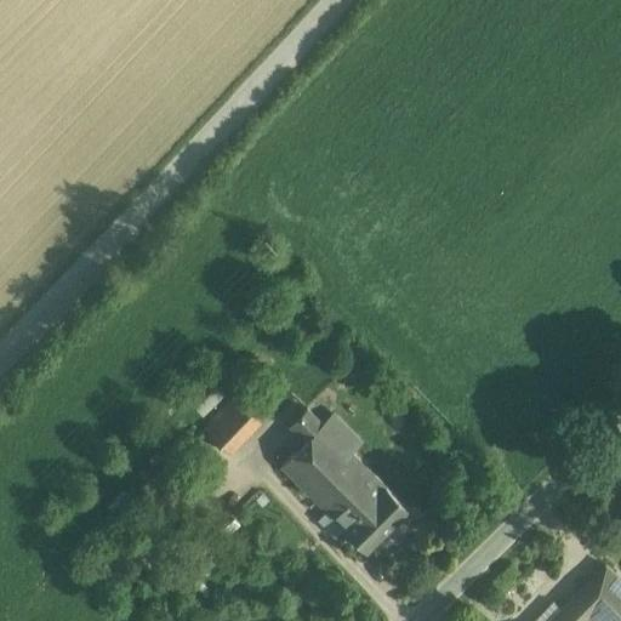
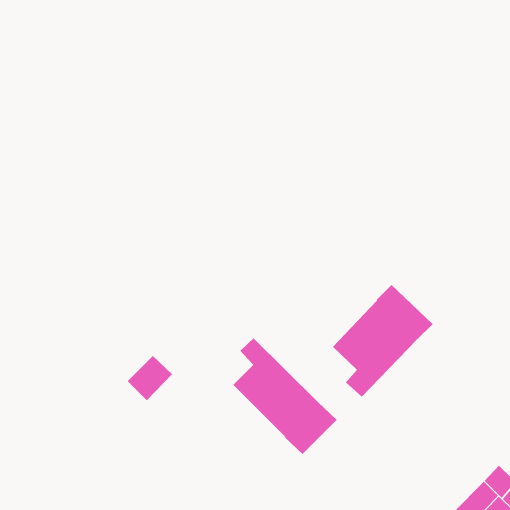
building: none -> [332,284,433,397]
building: [207,399,263,455] -> [127,355,173,401]

